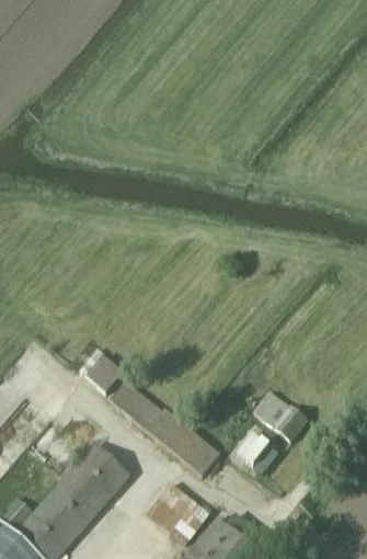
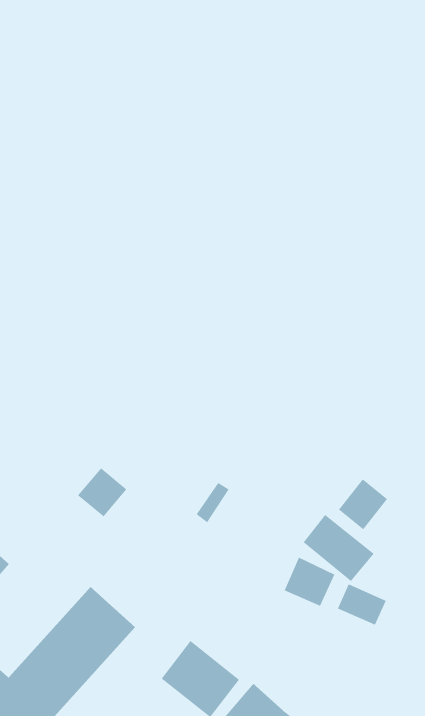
building: none -> [338,479,388,530]
building: [111,383,221,477] -> none
building: none -> [337,584,386,626]

